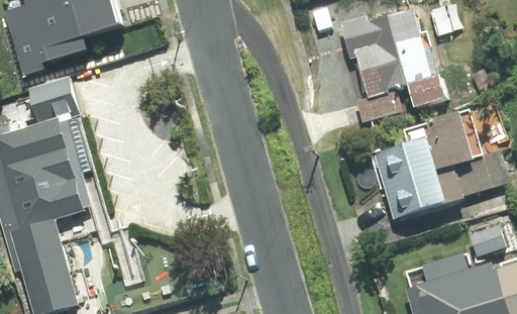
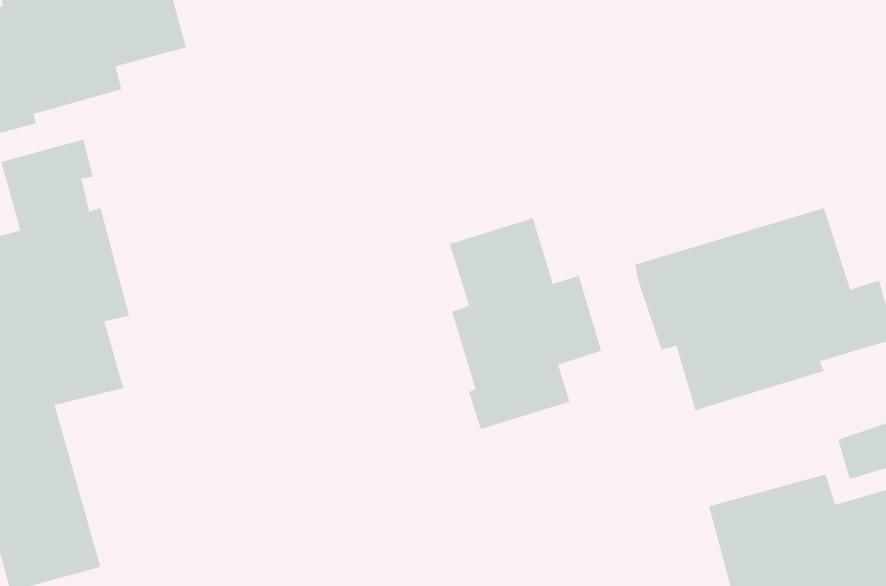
building: [338,11,448,125] -> none
building: none -> [449,217,602,430]

